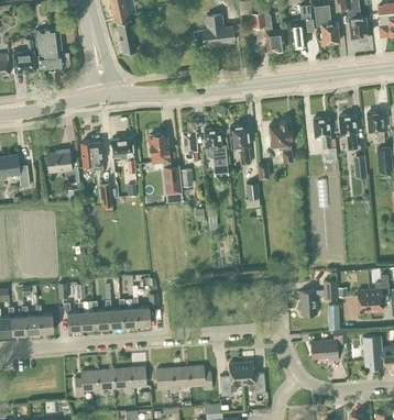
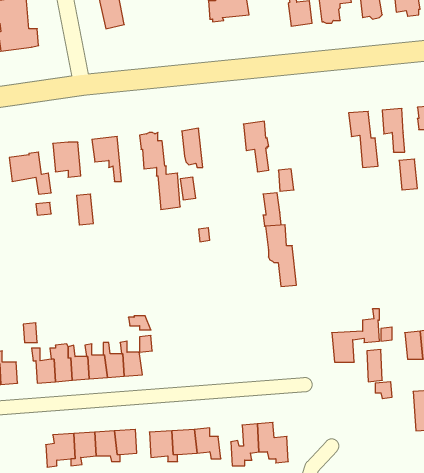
building: [269,122,293,163] -> none
building: [204,129,228,177] -> [266,225,296,286]
building: [310,341,338,362] -> none

